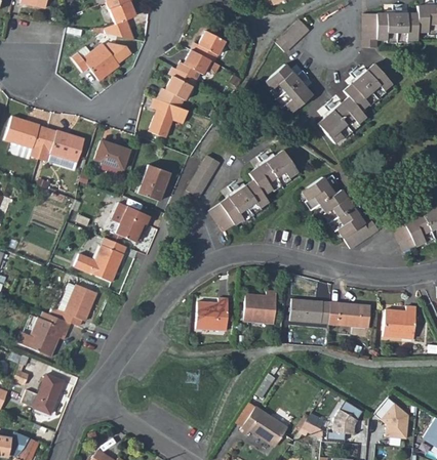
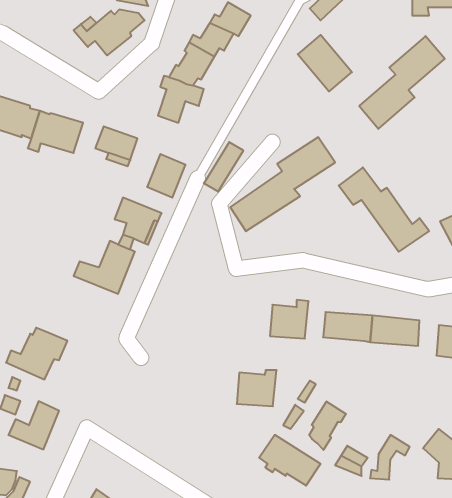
building: [51,282,97,326] -> none
building: [197,296,231,327] -> [237,370,277,406]
building: none -> [309,401,346,450]

